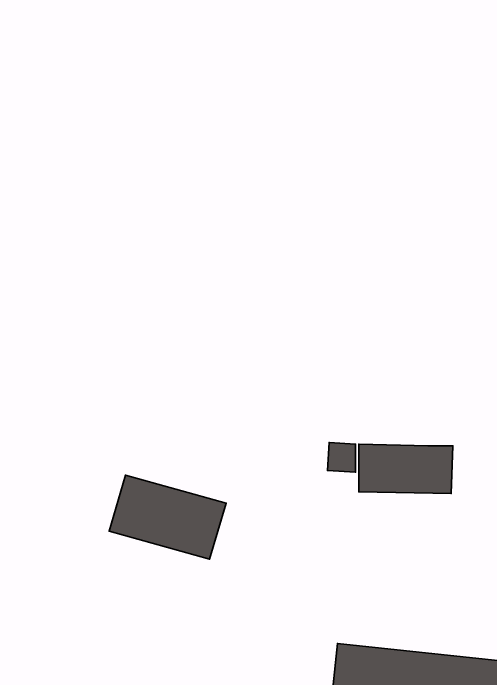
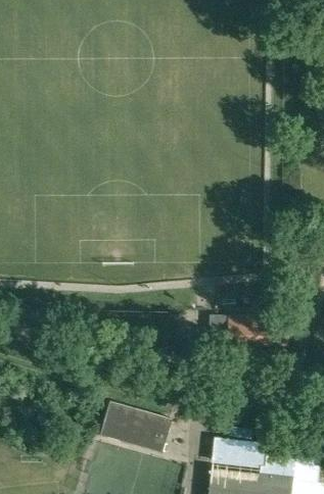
building: [109,475,226,559] -> [100,402,173,454]

